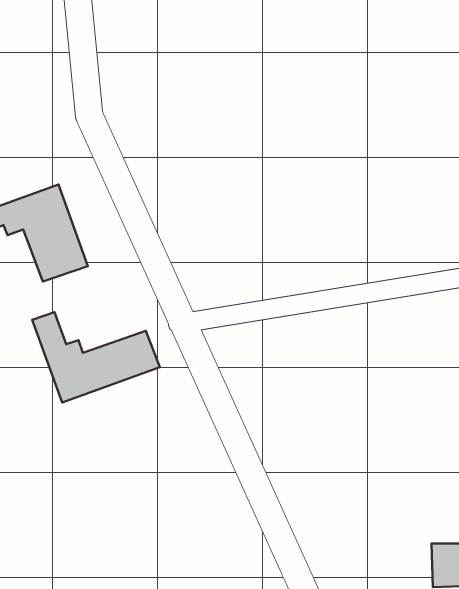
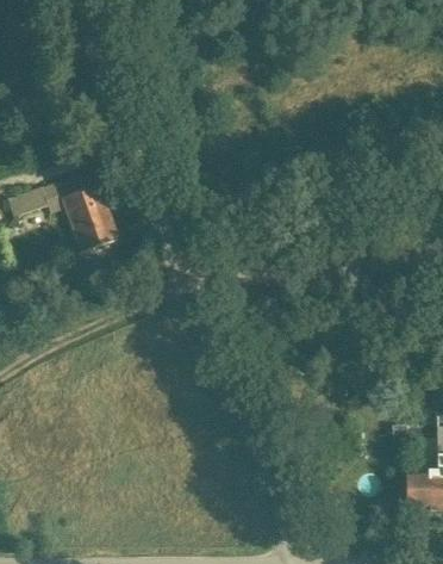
building: [32,312,160,403] -> none

